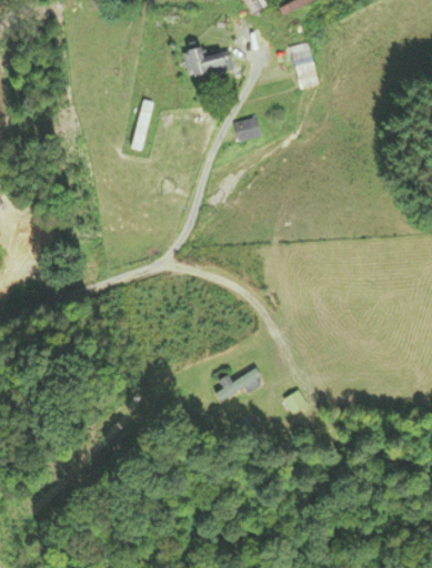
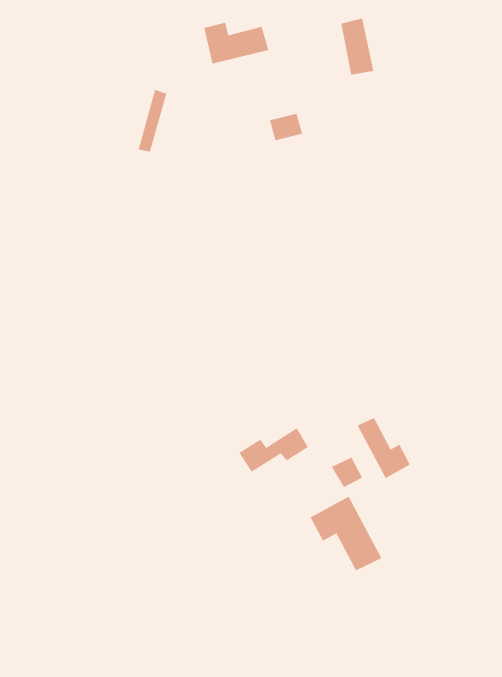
building: none -> [357,417,411,479]
building: none -> [310,496,382,571]

